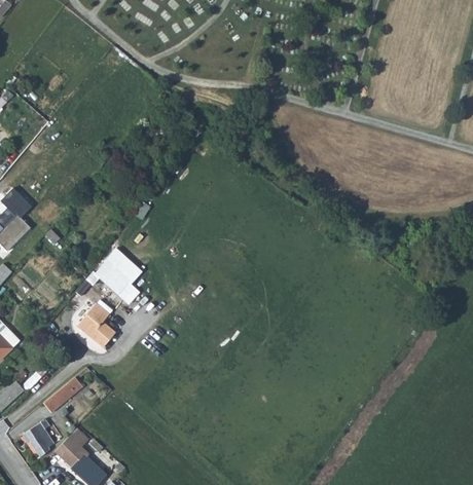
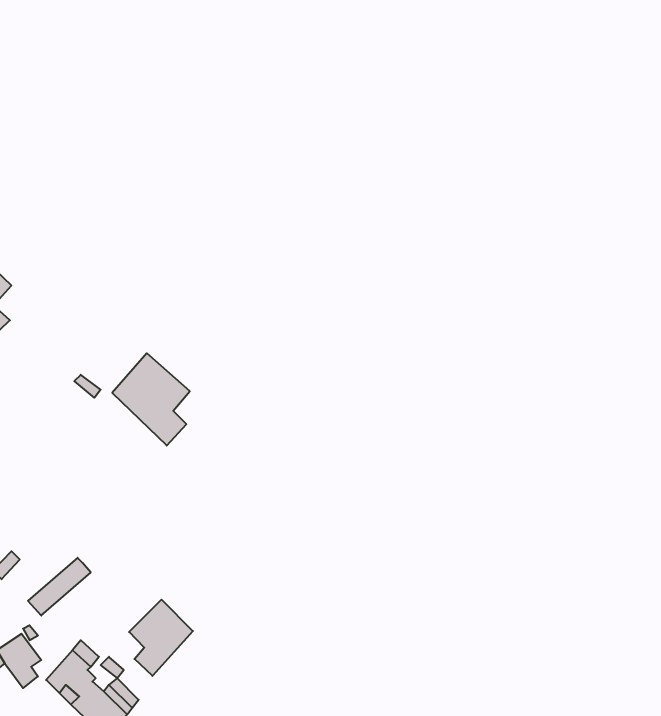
building: [75,300,115,346] -> none
building: none -> [129,600,193,676]

